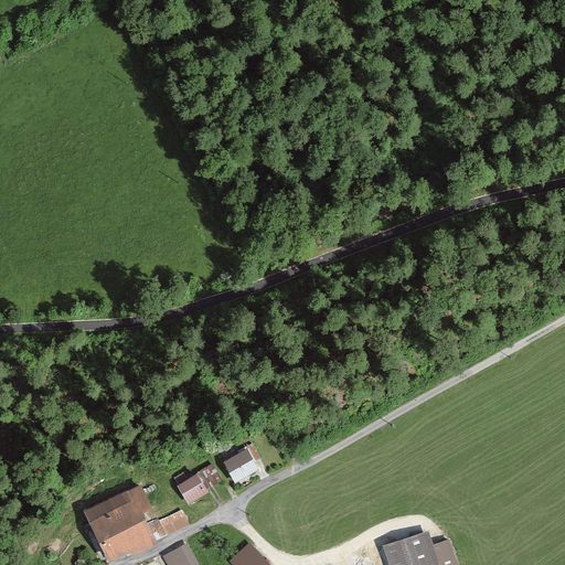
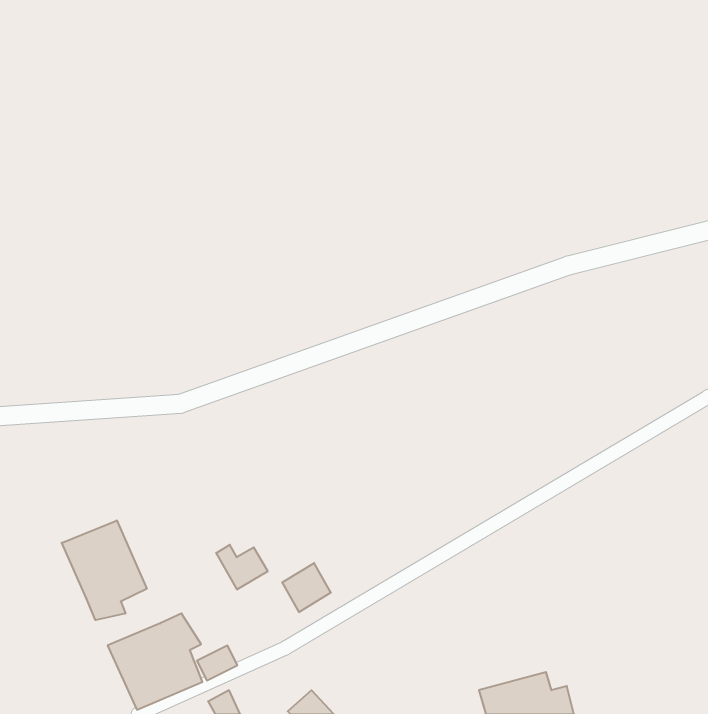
building: none -> [62,520,147,620]
building: [172,471,213,507] -> [216,545,268,589]

